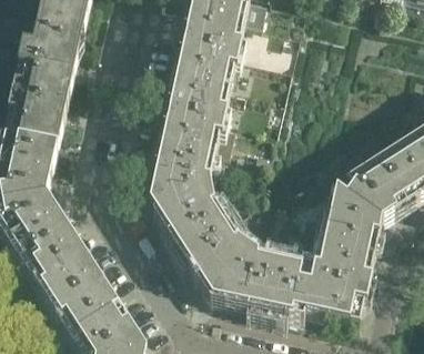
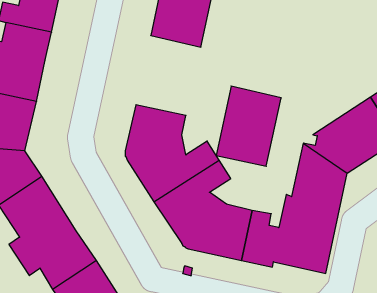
building: [160,72,228,155] -> [216,86,281,166]

